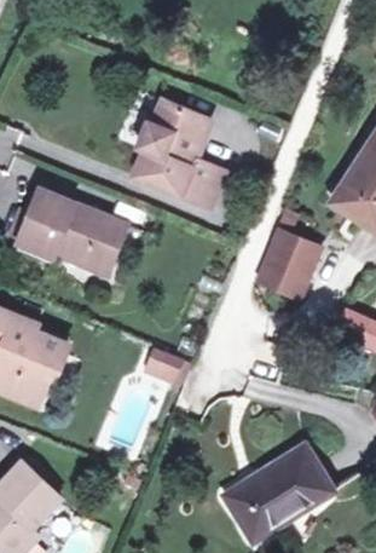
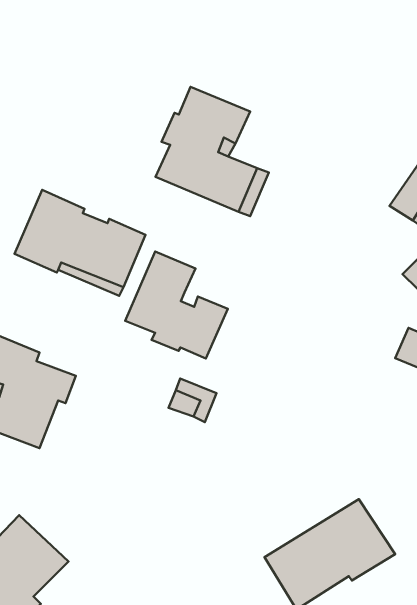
building: [259,232,322,300] -> none
building: none -> [125,251,228,358]

